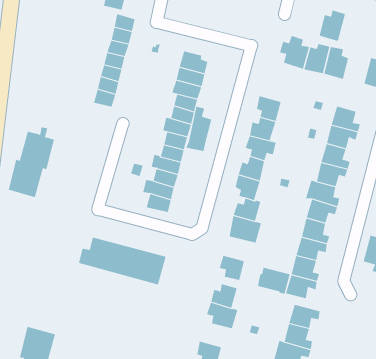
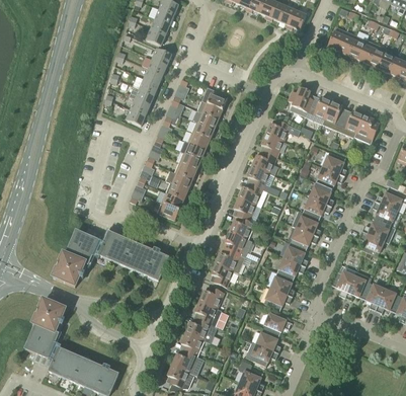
building: [319,10,346,42] -> [338,109,363,137]
building: none -> [265,120,301,141]
building: [186,106,212,152] -> none
building: [8,127,55,198] -> [53,227,98,286]
building: [257,267,291,294] -> [216,247,245,272]
building: none -> [185,318,217,342]

